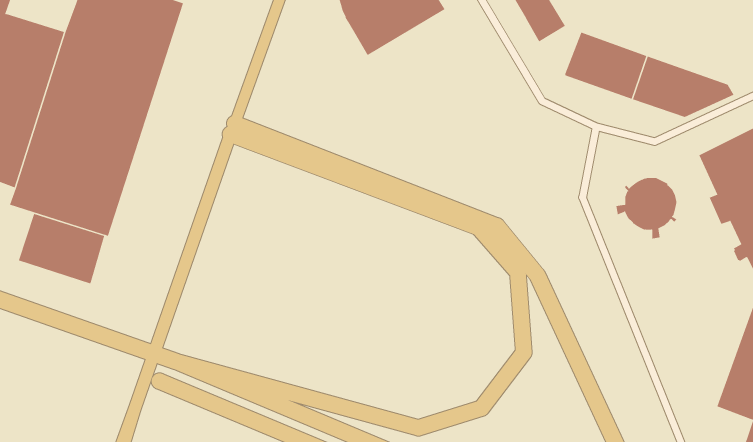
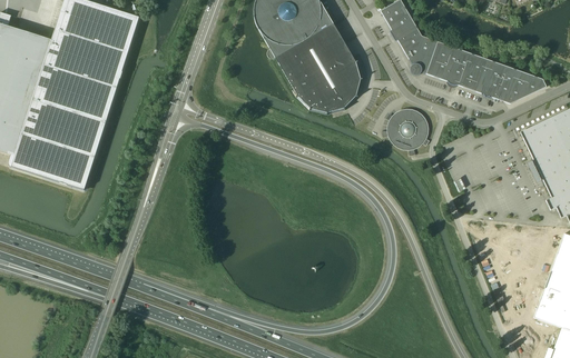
building: none -> [275,22,361,111]
building: none -> [402,34,433,74]
building: [615,177,677,239] -> [382,109,428,155]
building: [18,213,105,284] -> none

